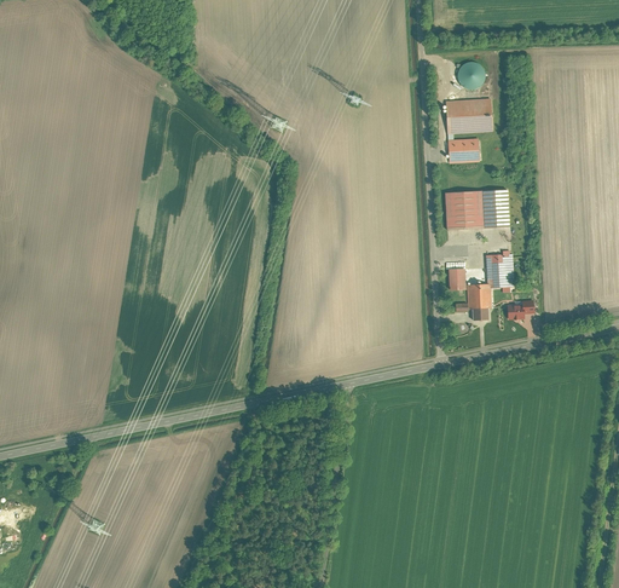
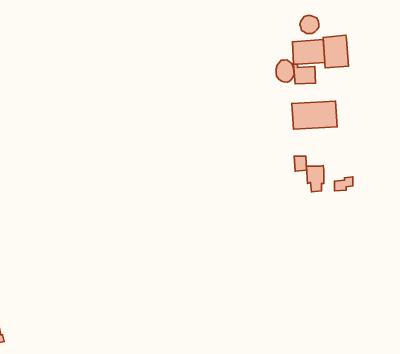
building: none -> [323,35,349,68]
building: none -> [276,60,294,82]
building: [485,254,514,289] -> none

